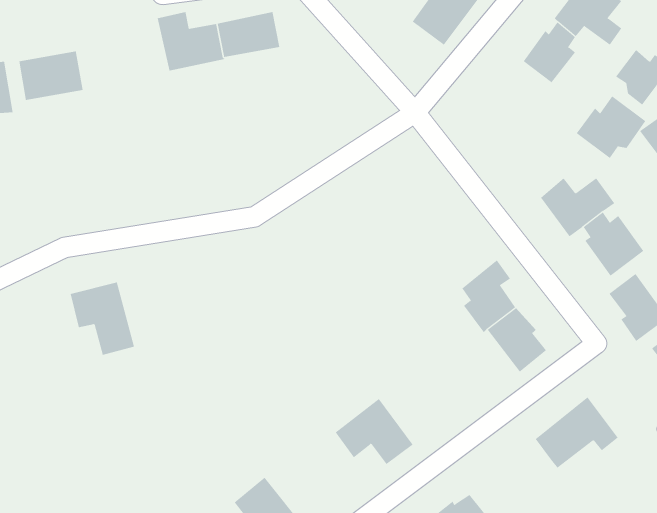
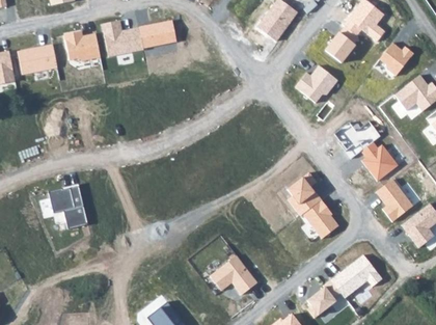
building: none -> [65,31,101,60]
building: [576,96,646,159] -> [296,63,338,102]
building: none -> [306,279,340,318]

